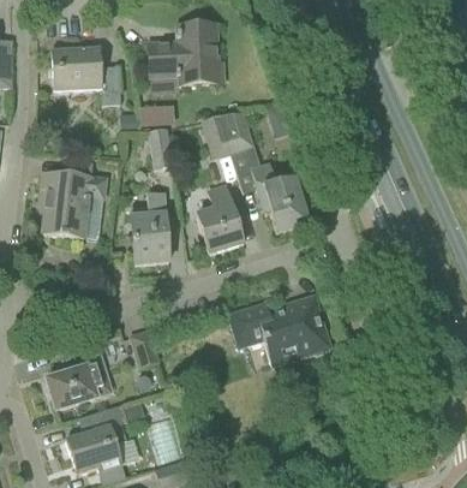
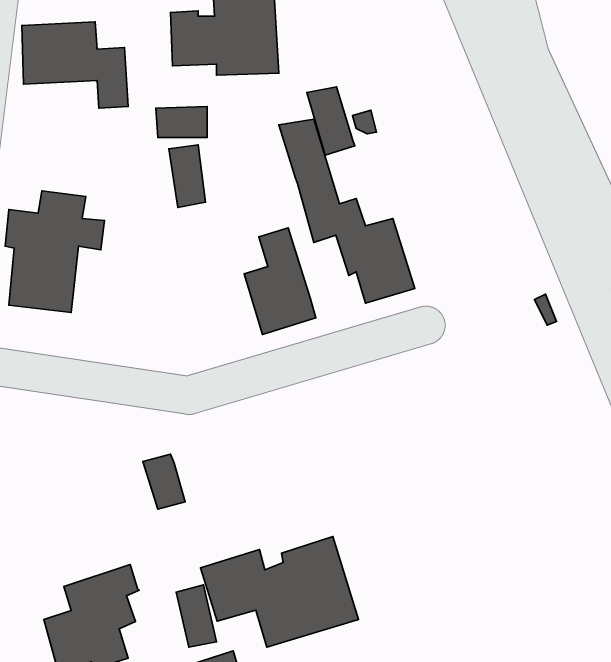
building: [200,115,232,160] -> [307,87,355,155]
building: [131,192,168,263] -> none
building: [228,293,331,365] -> [201,537,359,647]
building: [47,355,112,409] -> none

